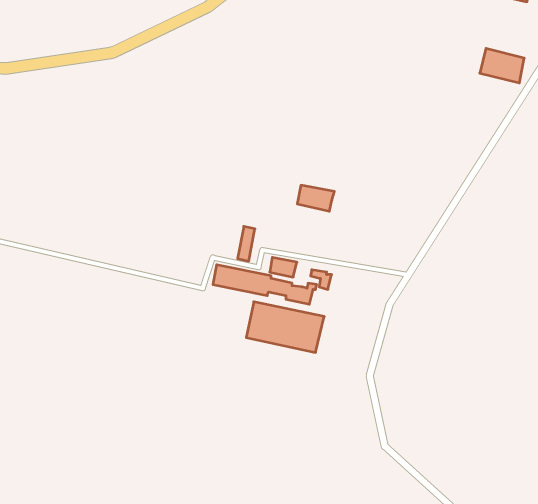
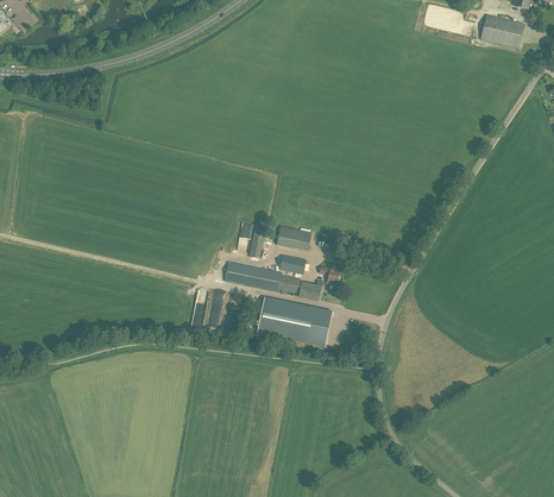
building: [480,48,524,83] -> [479,13,522,46]
building: [297,185,334,211] -> [276,225,311,250]

